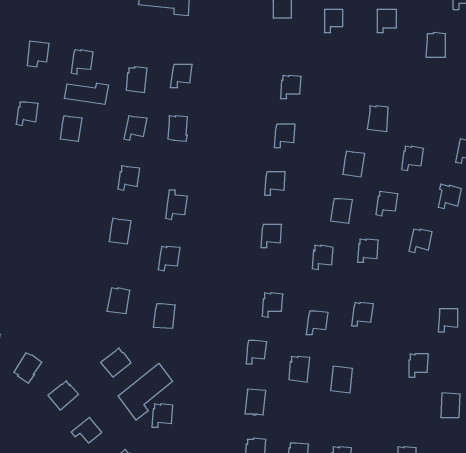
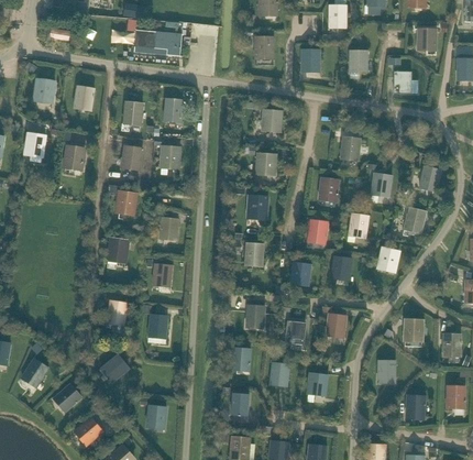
building: [64,83,108,104] -> none
building: [118,363,173,420] -> none

